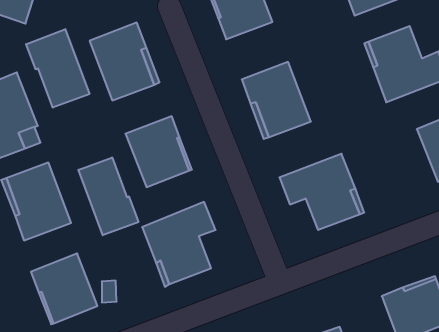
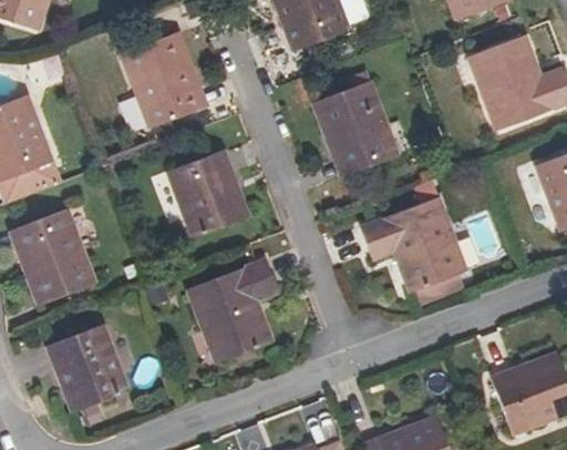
building: [26,29,89,108] -> none
building: [78,157,138,235] -> none

